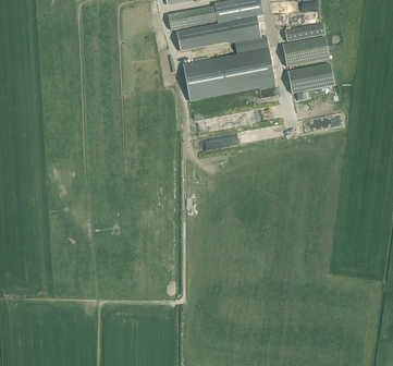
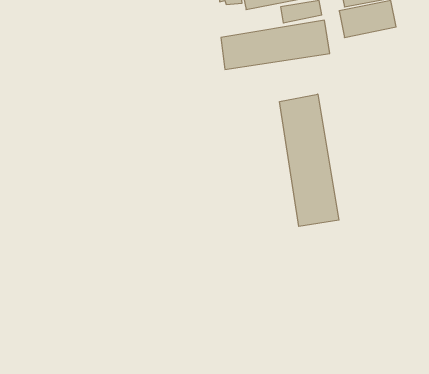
building: [286,63,333,93] -> none
building: none -> [280,94,339,226]

